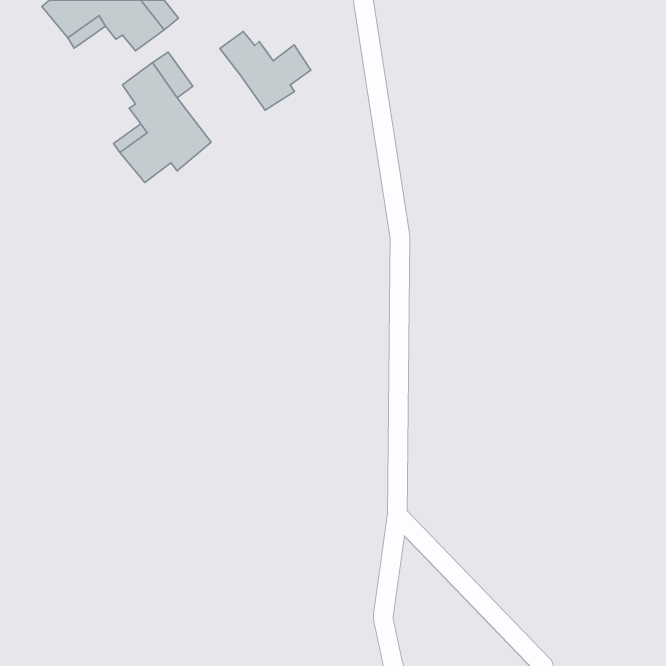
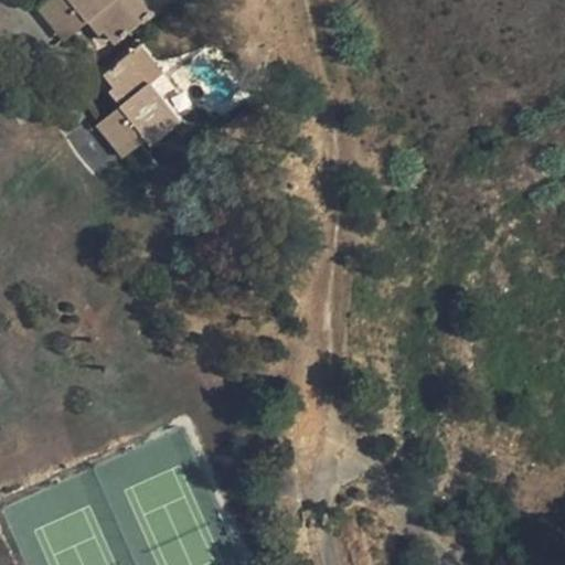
building: [220,31,311,110] -> none

